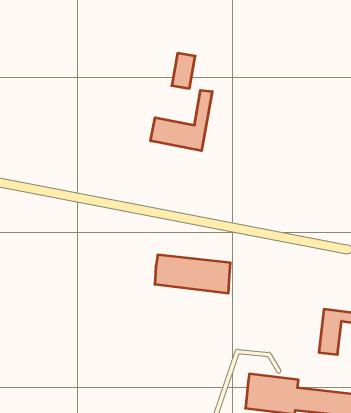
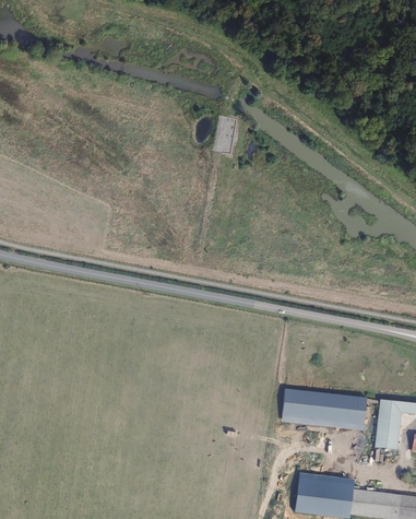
building: [151,90,212,151] -> none
building: [155,255,230,293] -> [281,388,365,430]

